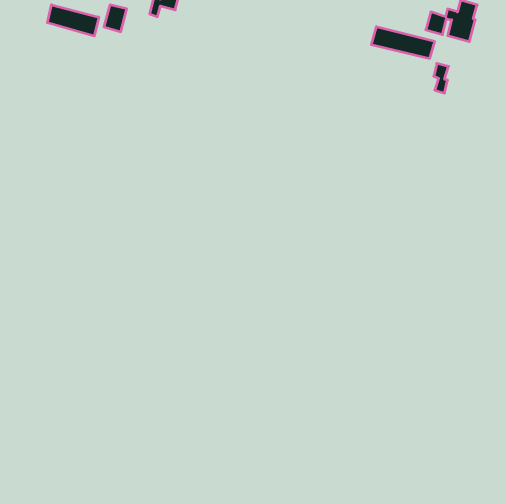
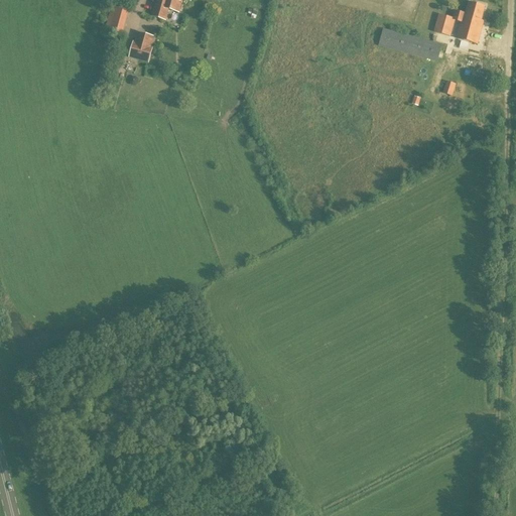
building: [47,5,99,36] -> none
building: none -> [129,31,152,60]

